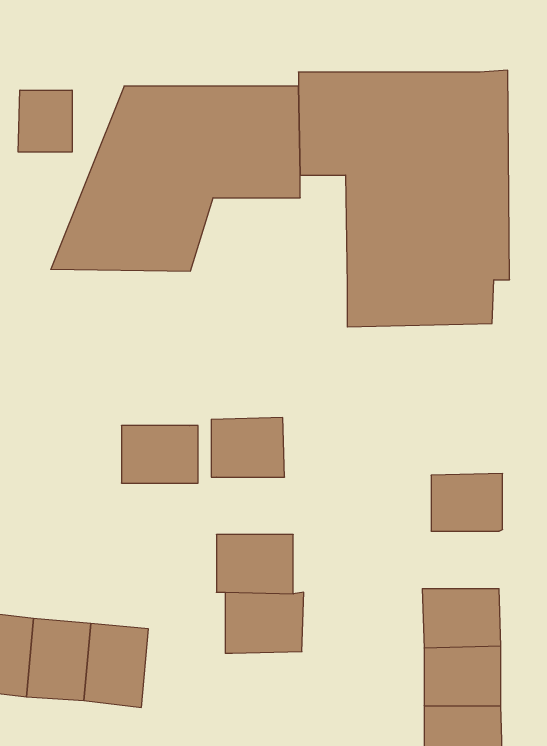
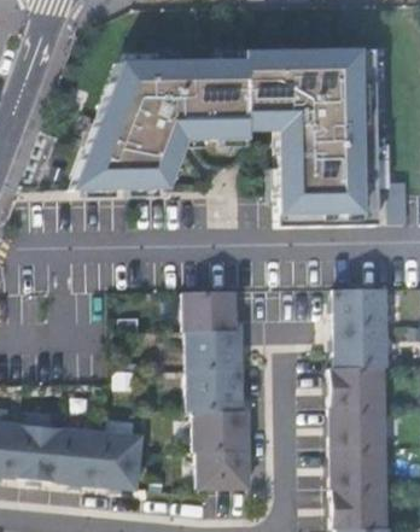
building: [18,90,72,152] -> none
building: none -> [336,290,386,331]
building: [121,426,198,483] -> [188,332,241,372]
building: none -> [331,369,384,409]
building: none -> [198,452,249,490]

